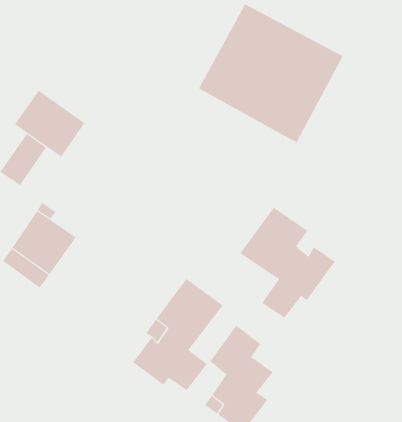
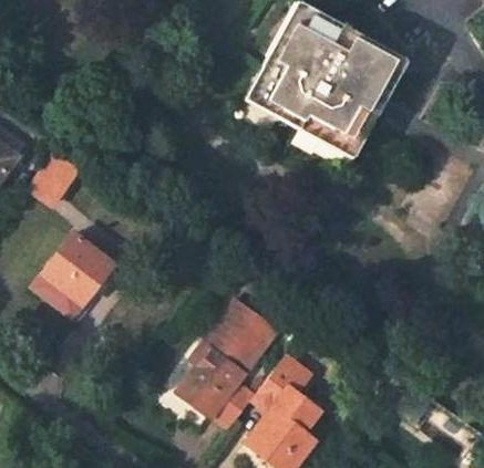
building: [14,90,85,157] -> none
building: [240,207,336,318] -> none

